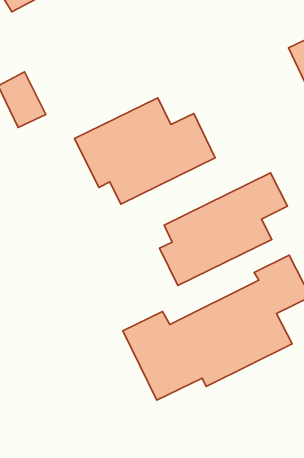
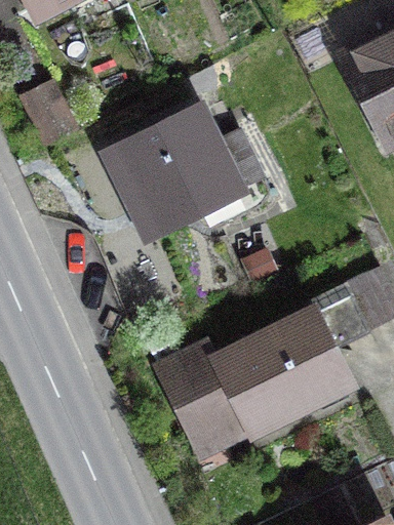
building: [159,173,288,286] -> none

